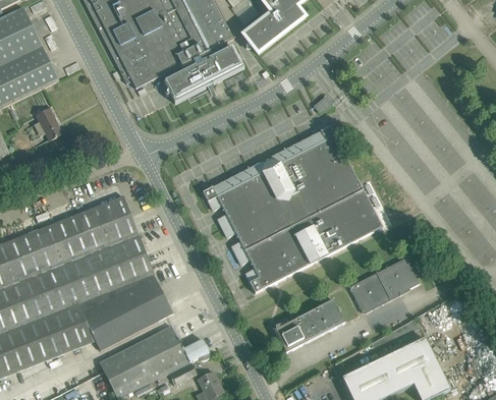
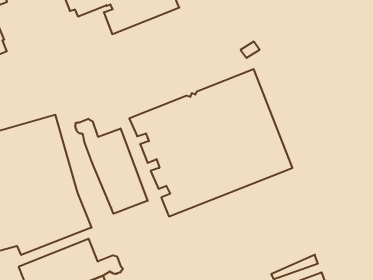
building: none -> [75,119,148,214]
building: [349,256,419,312] -> none
building: [273,298,344,352] -> none

